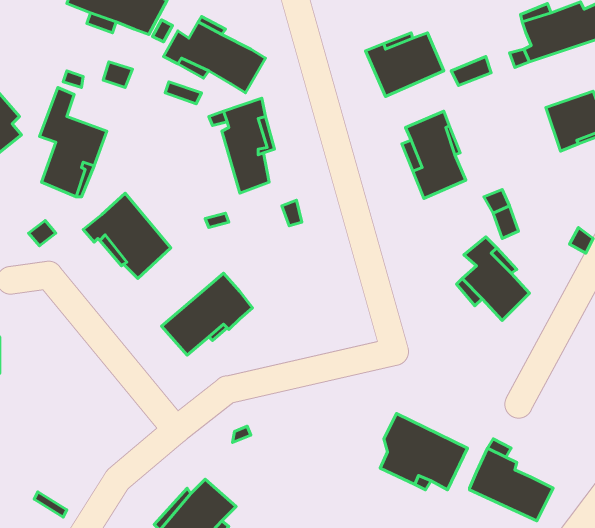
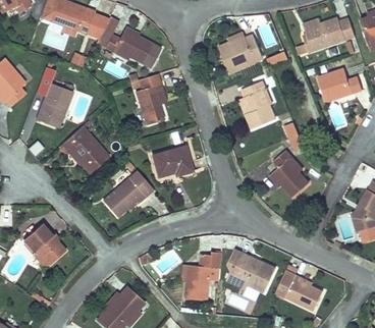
building: none -> [153,147,193,176]
building: none -> [22,222,65,264]
building: none -> [185,250,221,299]

